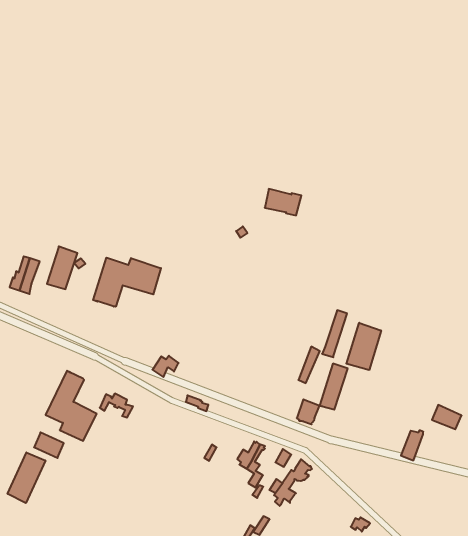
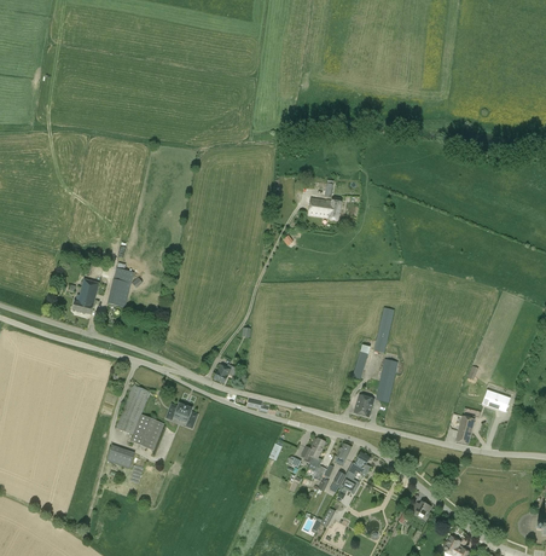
building: [93,258,161,307] -> none
building: [346,323,381,370] -> none
building: [8,452,45,503] -> none

